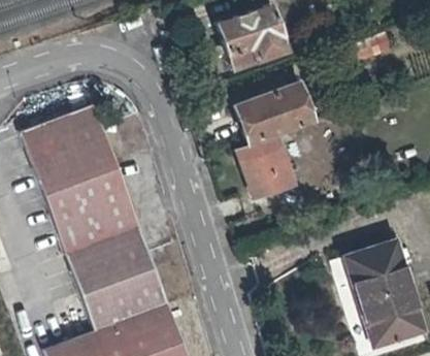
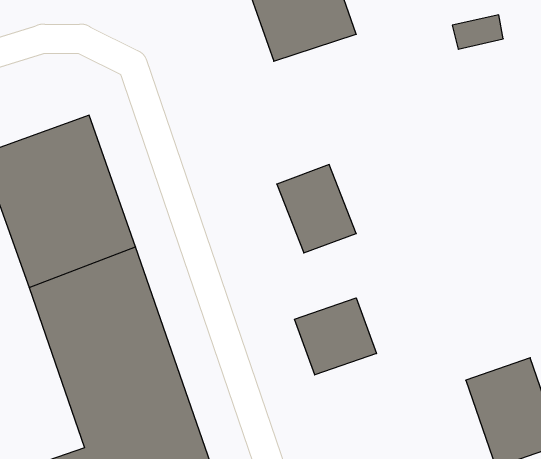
building: [226,83,299,138] -> none
building: none -> [294,298,376,375]
building: [350,239,405,287] -> none

